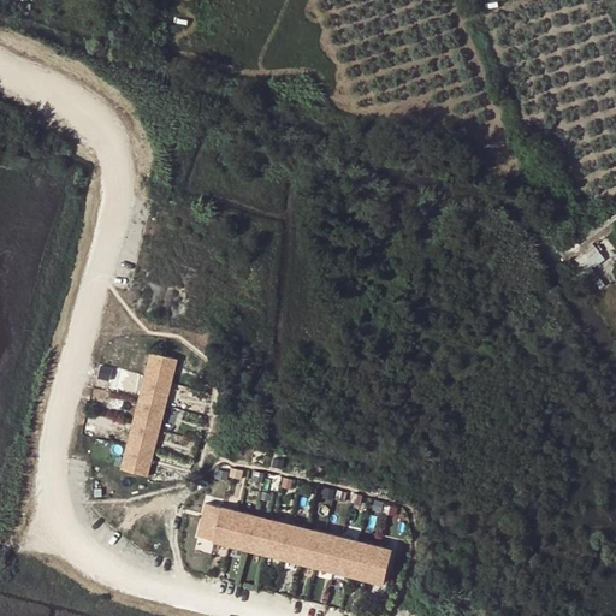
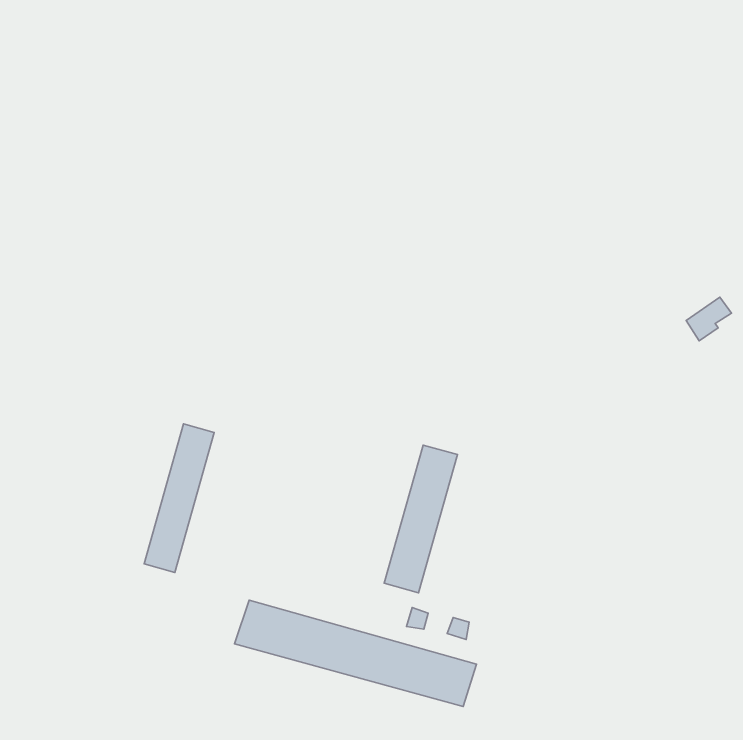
building: none -> [384,445,457,593]

